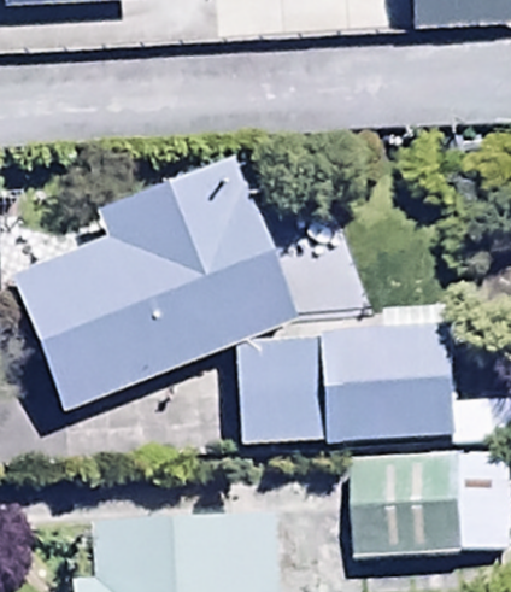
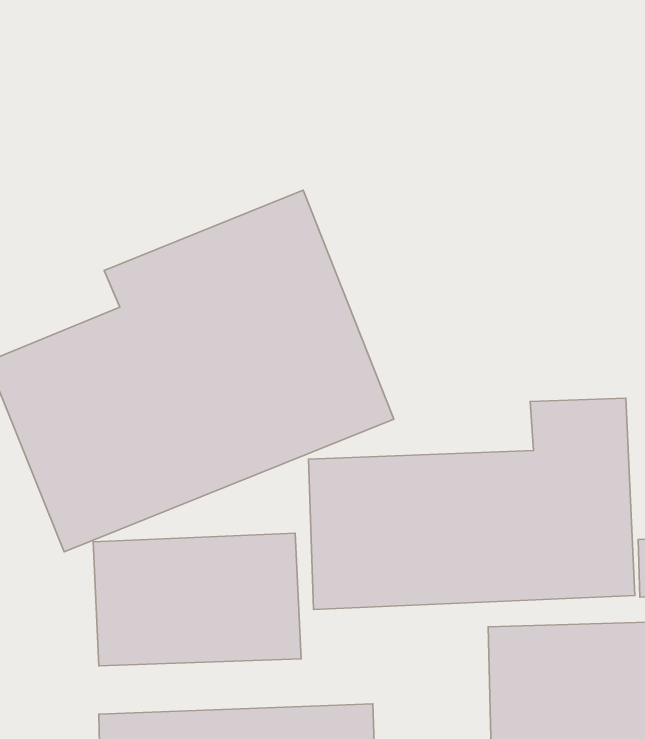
building: none -> [93,533,301,666]

